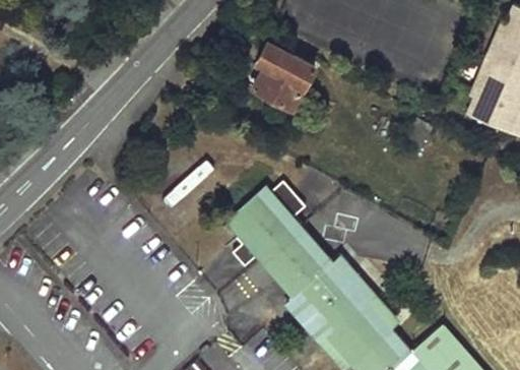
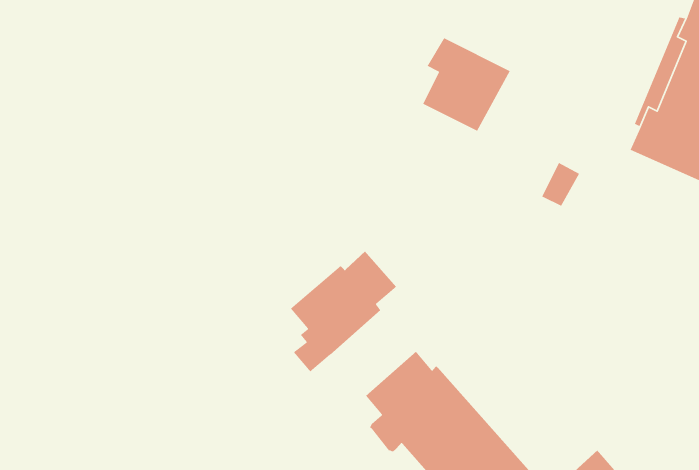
building: [253,45,315,111] -> [422,37,511,132]
building: [257,226,317,286] -> none

